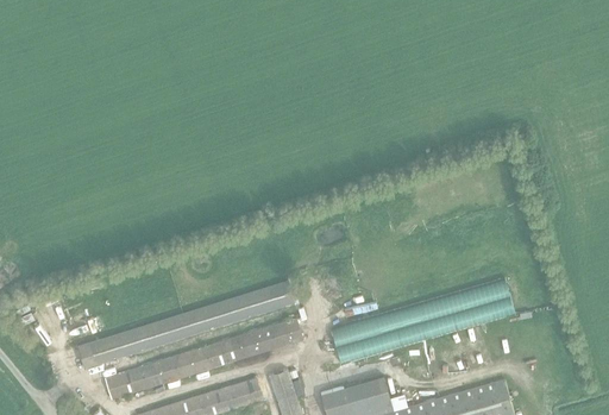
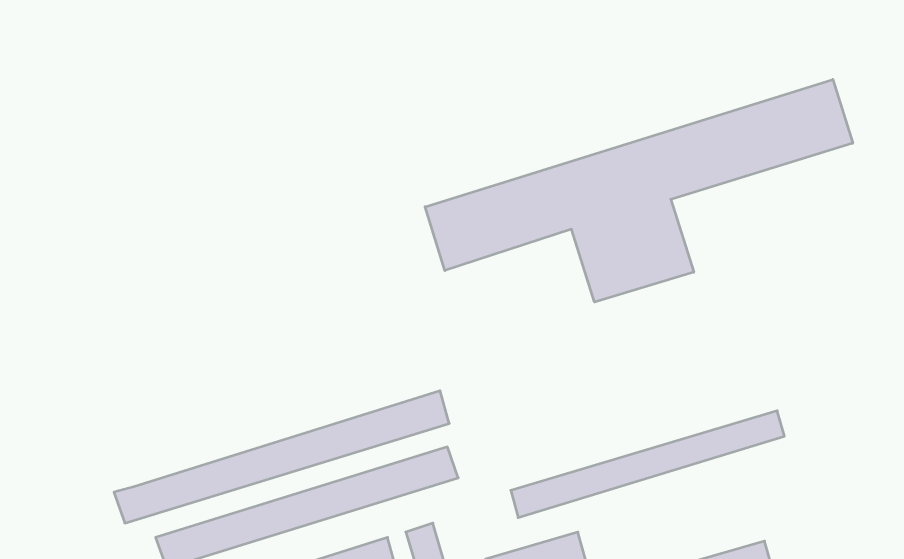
building: none -> [425,79,853,302]
building: [331,275,511,346] -> none

